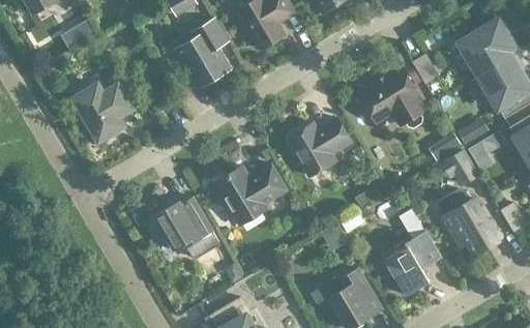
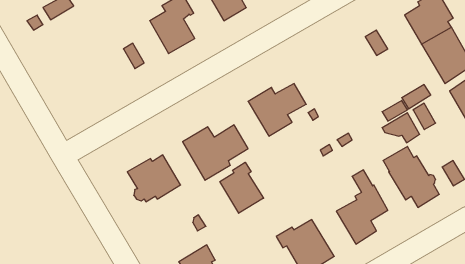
building: [358,69,423,127] -> none
building: [73,84,131,142] -> none
building: none -> [220,162,264,213]

